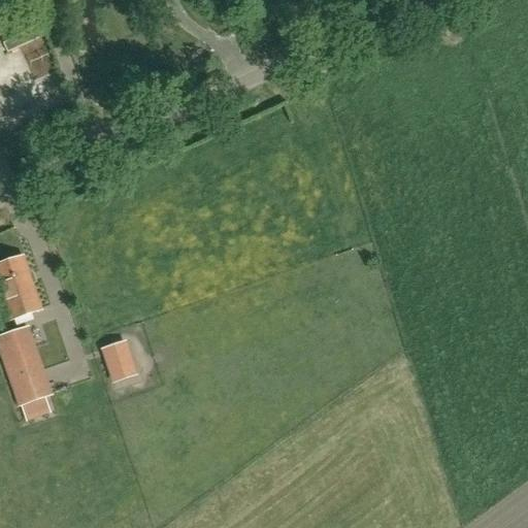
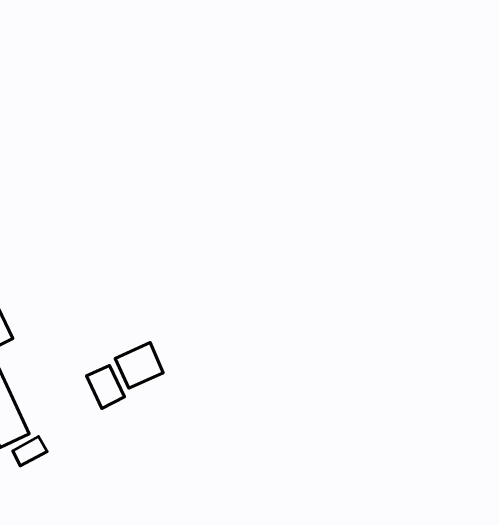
building: none -> [115,342,163,388]

